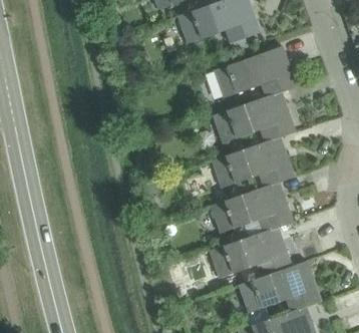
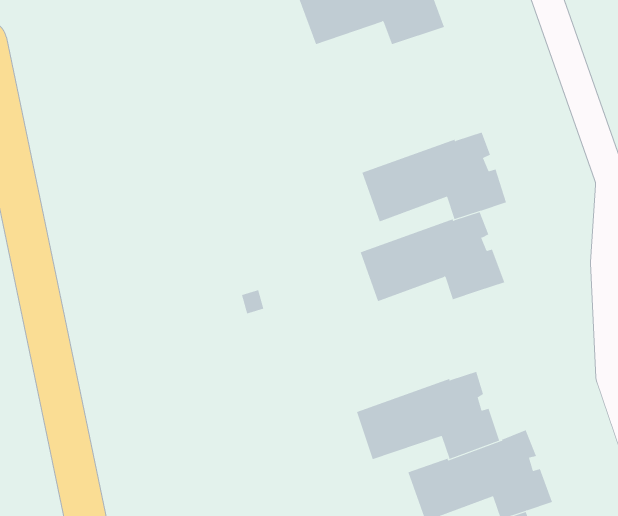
building: [215,46,297,98] -> none
building: [212,183,294,234] -> none

